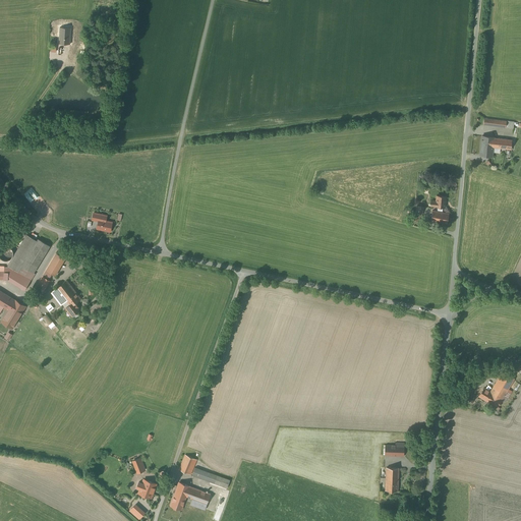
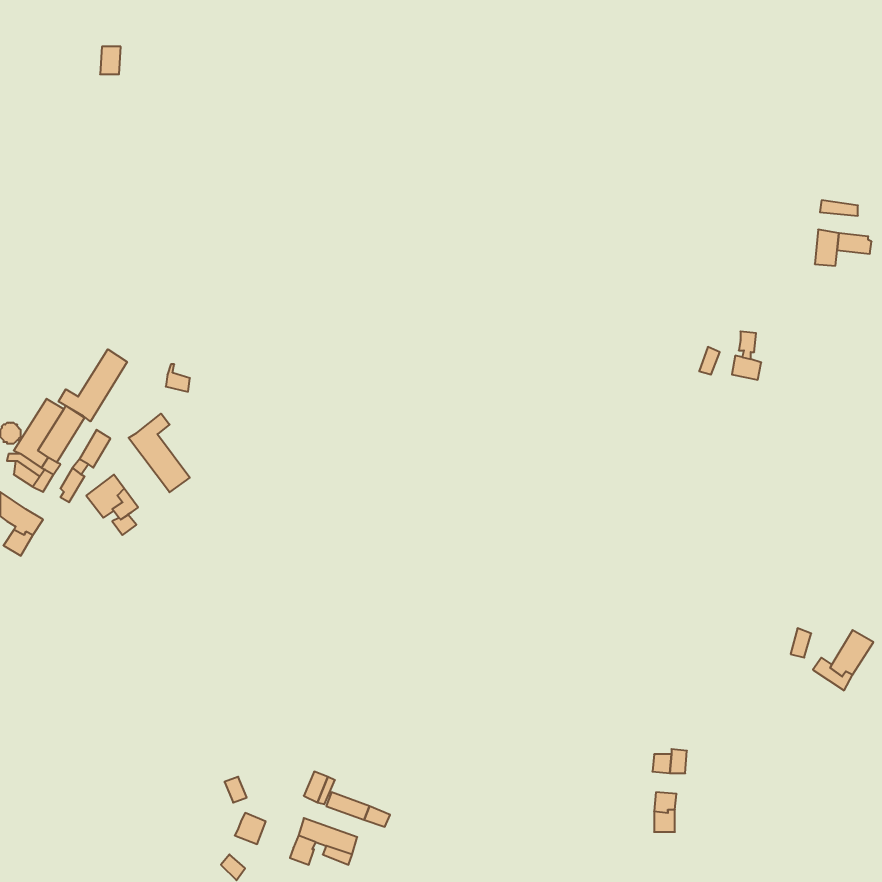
building: none -> [59,349,127,421]
building: none -> [129,414,190,492]

